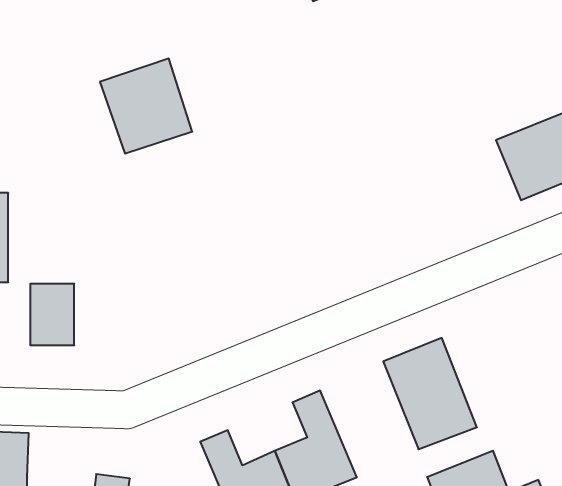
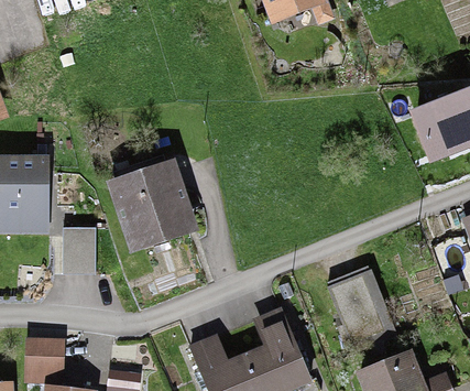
building: [100,58,192,154] -> [118,170,187,241]

